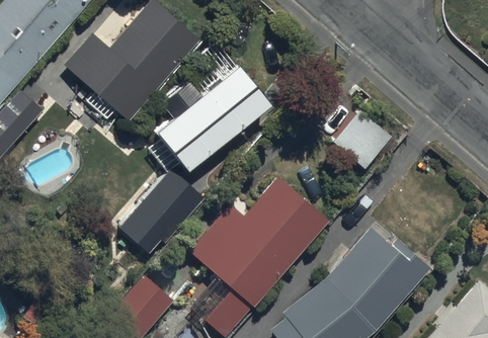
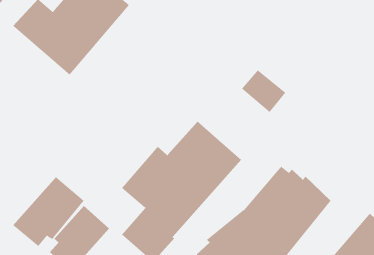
building: [153,65,269,172] -> none
building: [115,170,199,252] -> [13,176,85,247]

